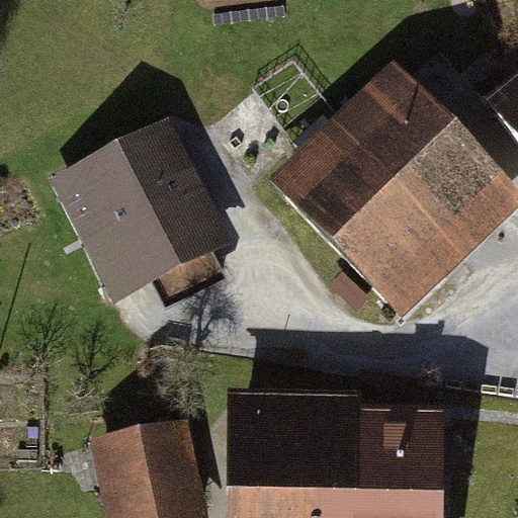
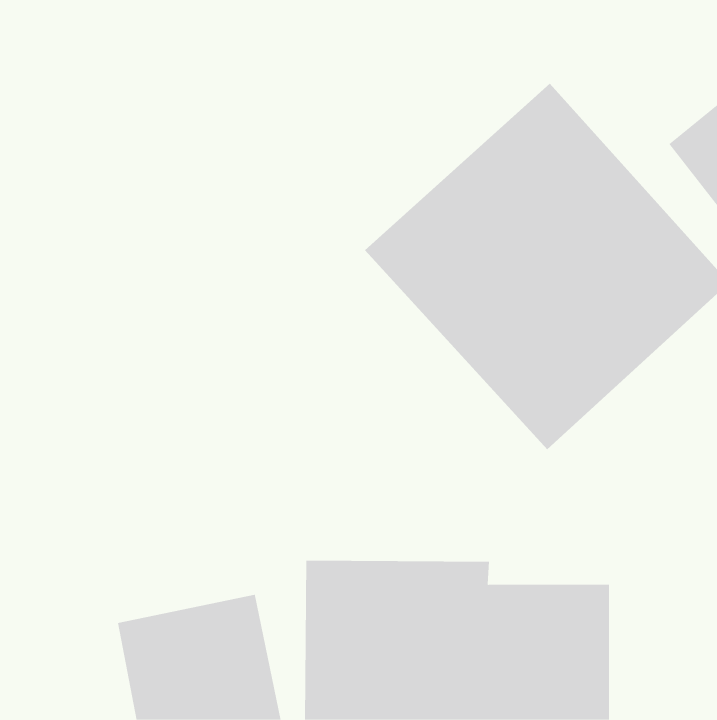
building: [50,116,238,306] -> none

